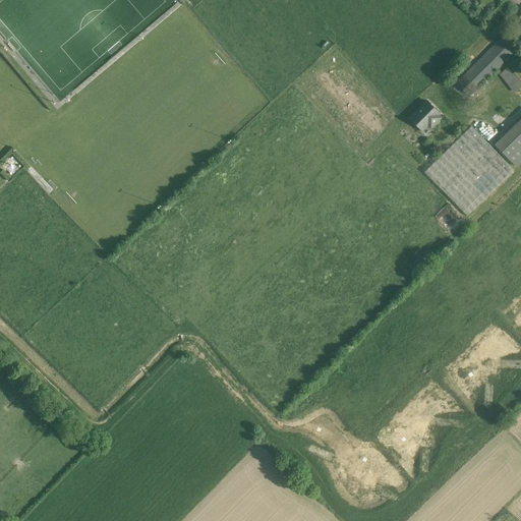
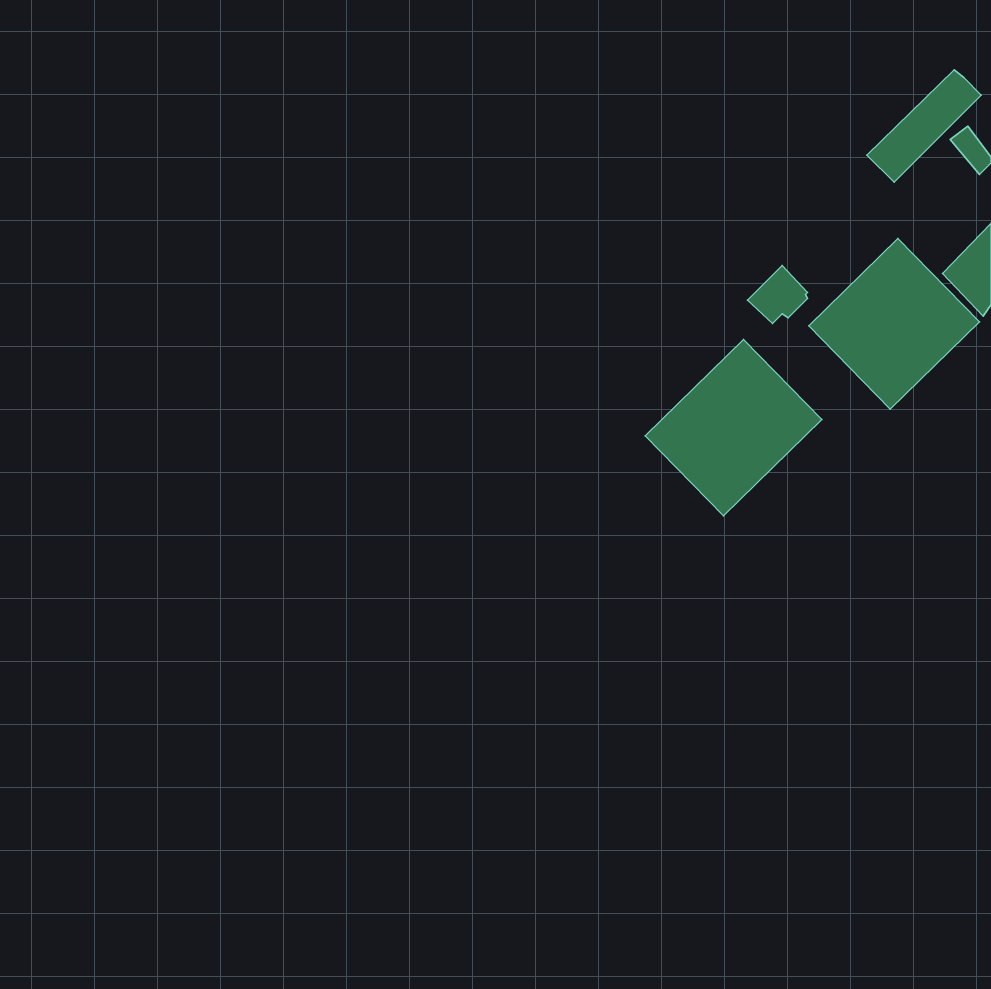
building: [408,99,440,129] -> [747,265,808,324]
building: none -> [645,340,822,516]

